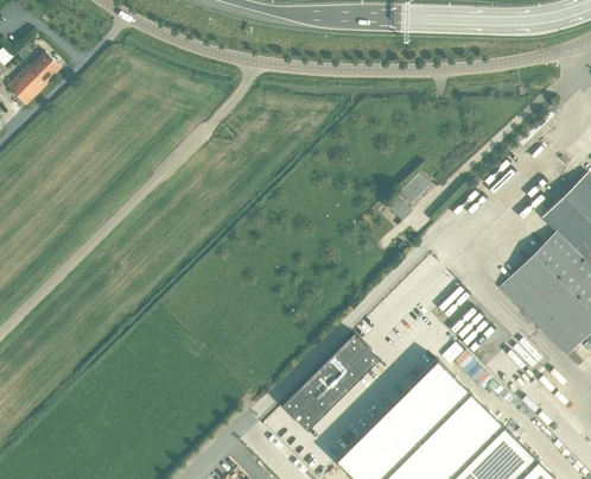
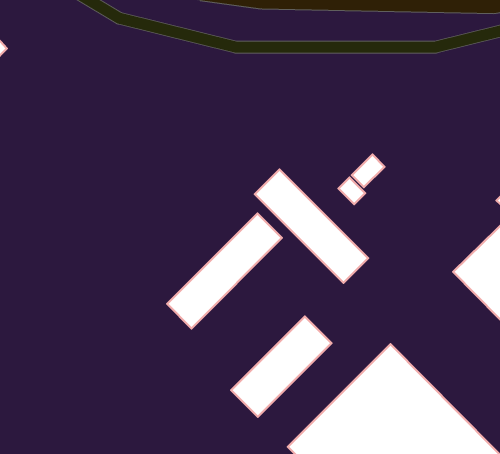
building: none -> [255,169,368,283]
building: none -> [167,213,282,328]

